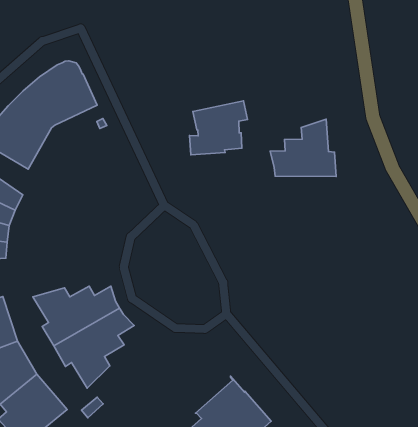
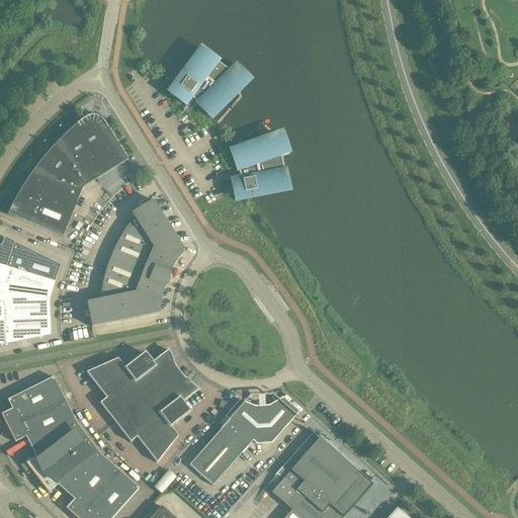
building: none -> [170,48,247,115]
building: [270,119,336,176] -> none
building: none -> [87,198,185,326]
building: none -> [189,396,299,485]

